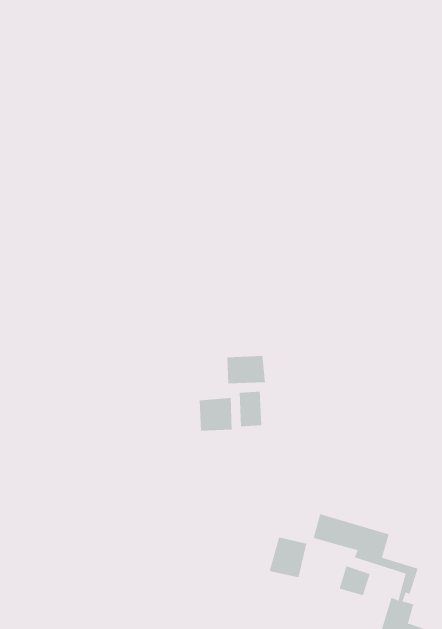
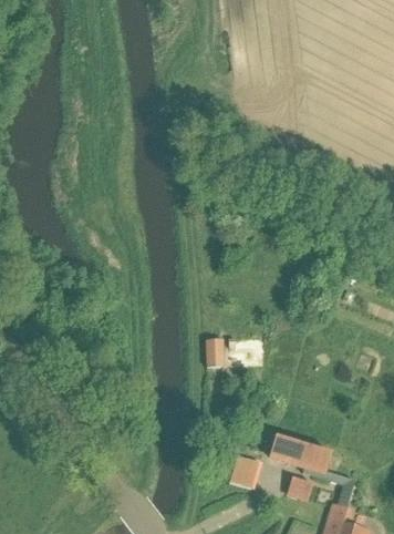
building: [227,355,265,384] -> none
building: [199,397,232,431] -> none

